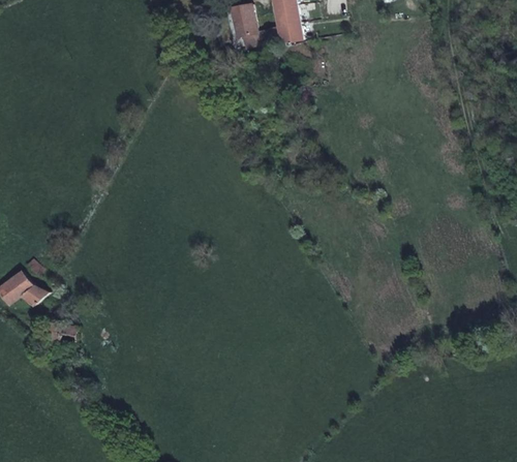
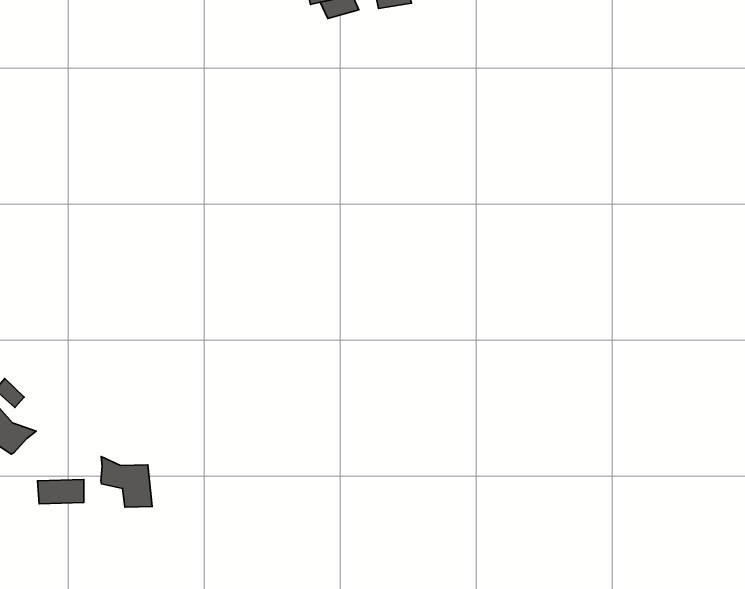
building: none -> [101,457,152,507]

